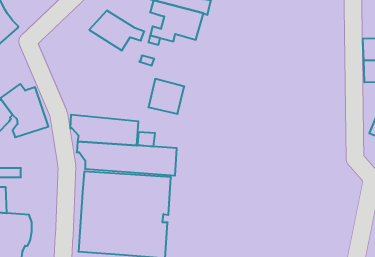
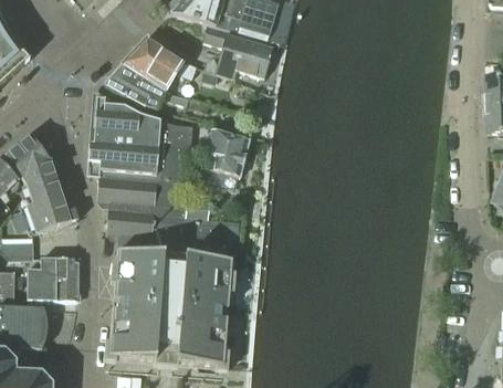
building: none -> [104,63,187,107]
building: none -> [86,96,190,185]
building: none -> [20,191,76,234]
building: none -> [25,256,76,301]

